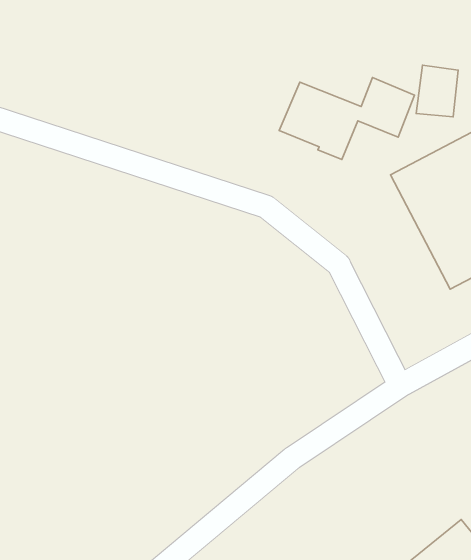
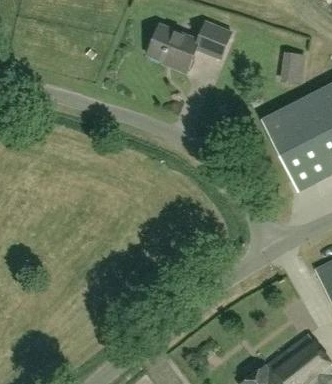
building: [279,77,414,160] -> [147,21,231,72]

